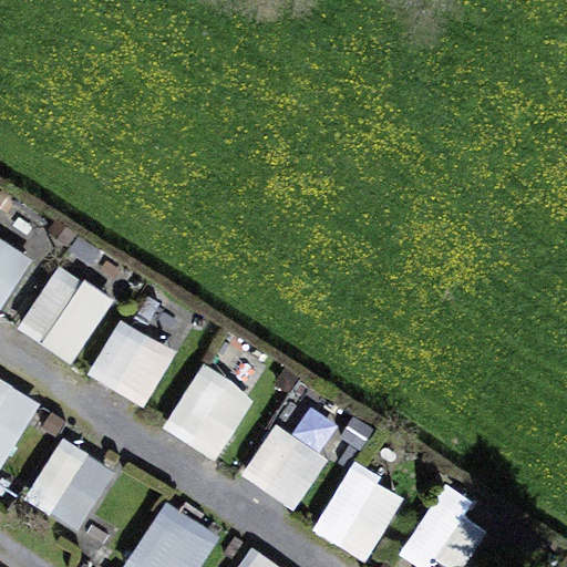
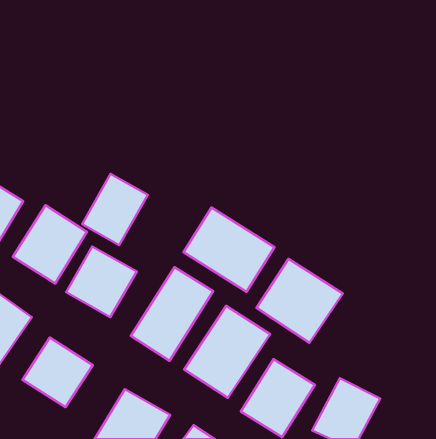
building: none -> [82,174,148,245]
building: none -> [183,208,275,292]
building: none -> [256,259,343,343]

